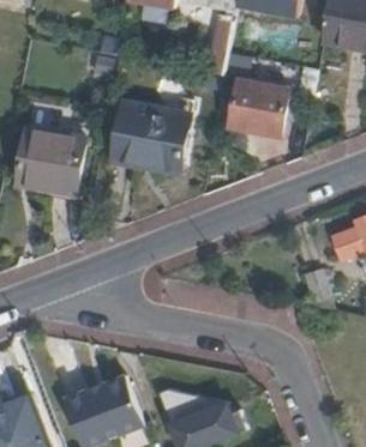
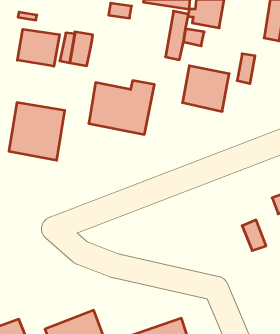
building: none -> [17,29,60,66]

